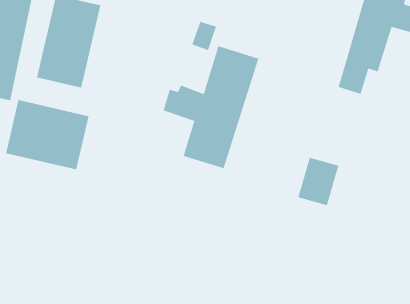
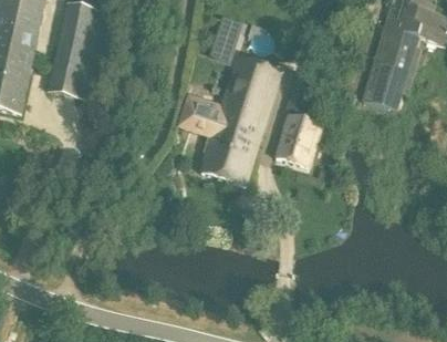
building: [6,99,89,170] -> none
building: [298,157,339,206] -> [276,114,319,165]

